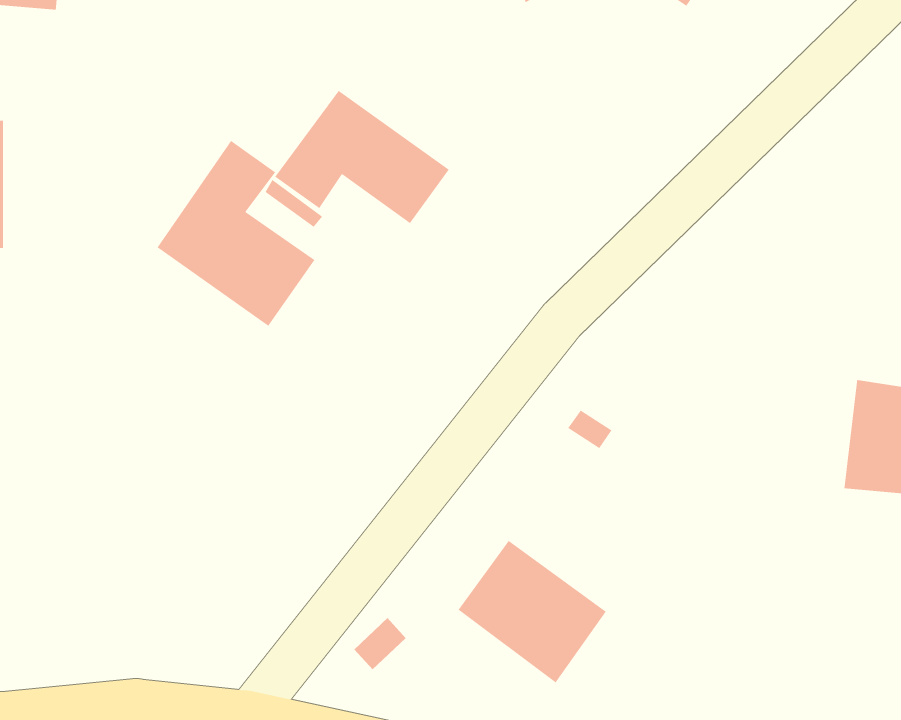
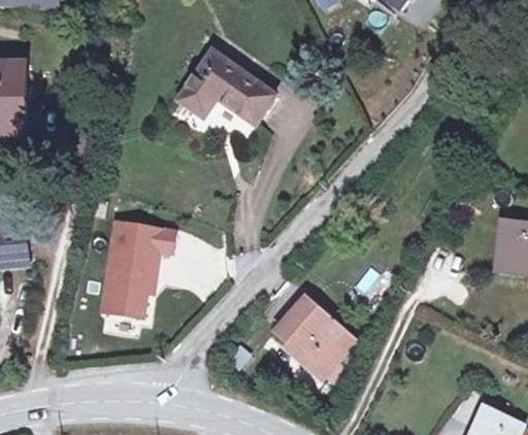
building: [157,140,315,327] -> none
building: none -> [104,227,176,321]

